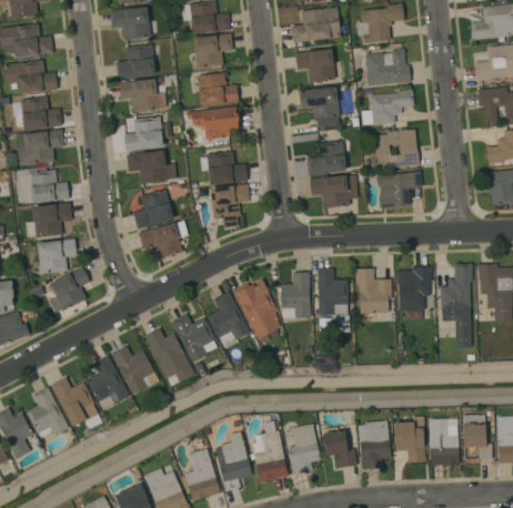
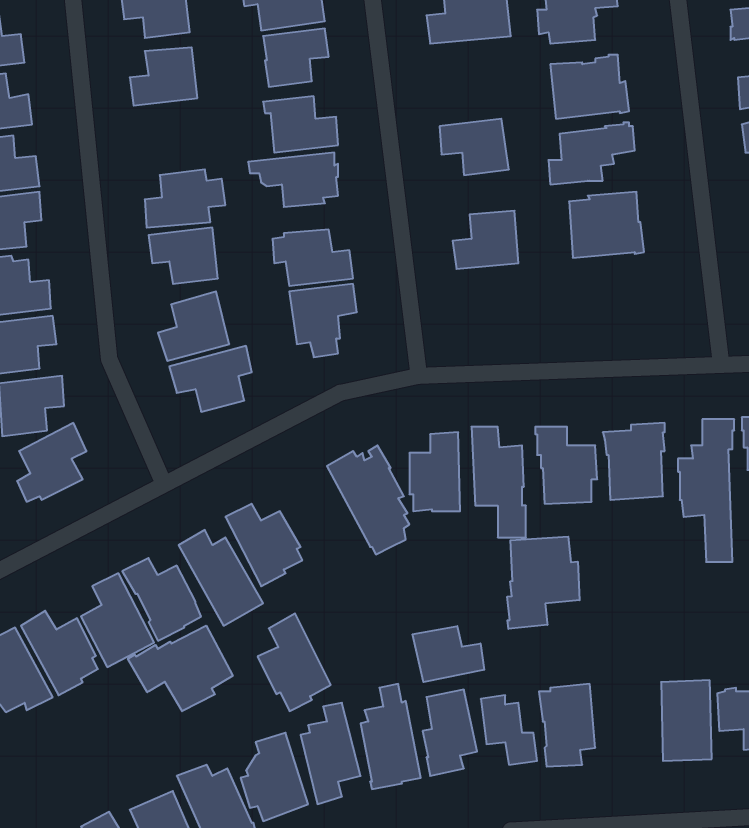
building: [295,49,335,82] -> none
building: [119,79,167,112] -> none
building: [378,171,422,209] -> none
building: [310,175,358,209] -> none
building: [207,291,250,348] -> [258,613,331,711]
building: none -> [507,537,580,629]
building: none -> [128,626,233,711]
building: none -> [413,626,484,682]
building: [395,416,426,463] -> none

